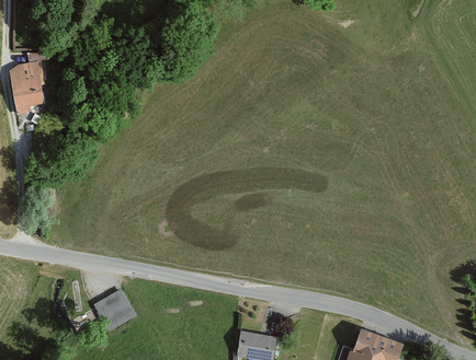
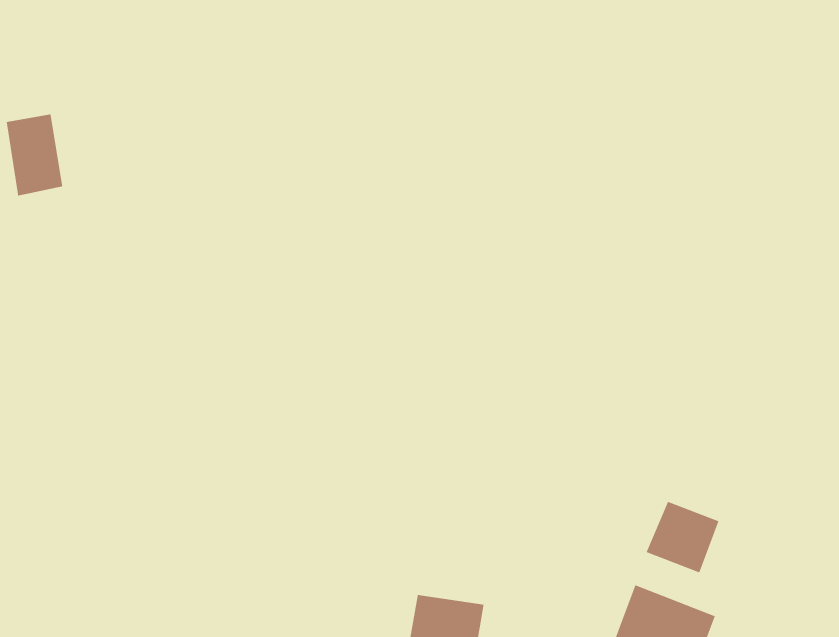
building: none -> [646,501,720,574]
building: [94,291,133,329] -> none

